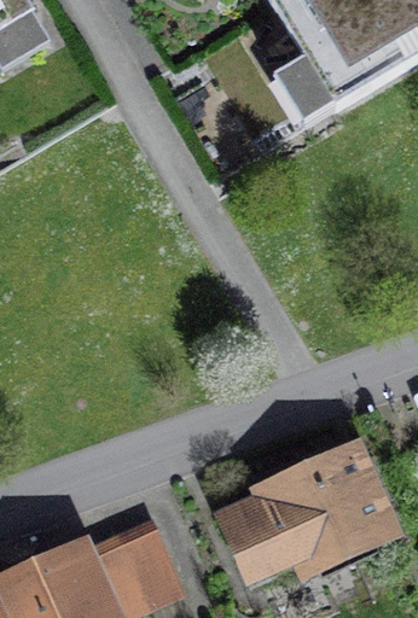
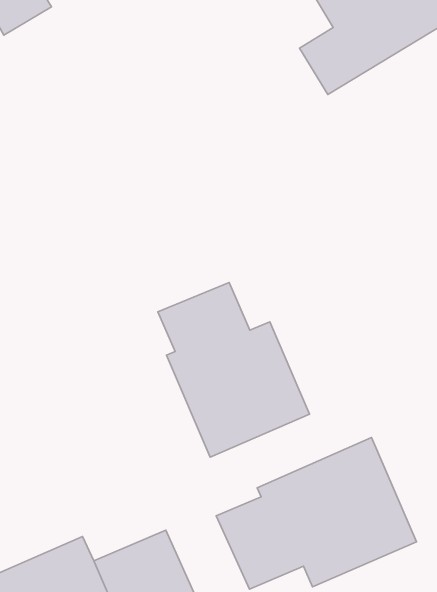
building: none -> [158,283,310,457]

